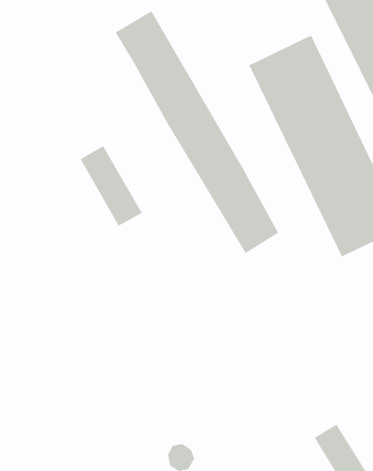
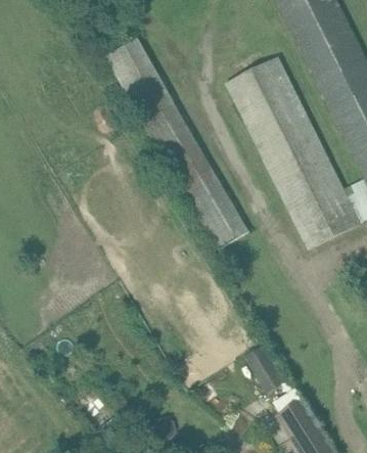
building: [80,145,143,227] -> none
building: none -> [245,344,288,392]

